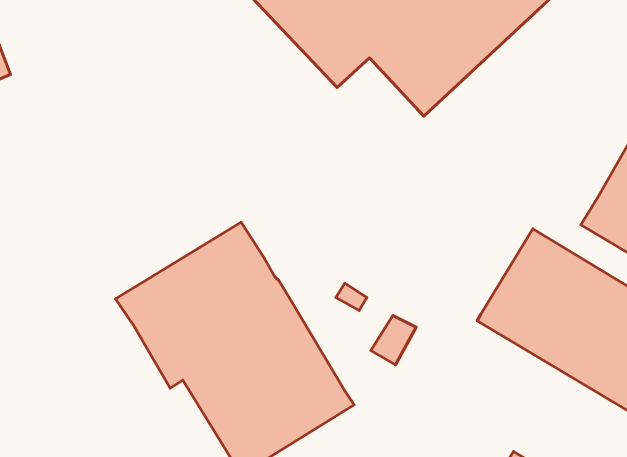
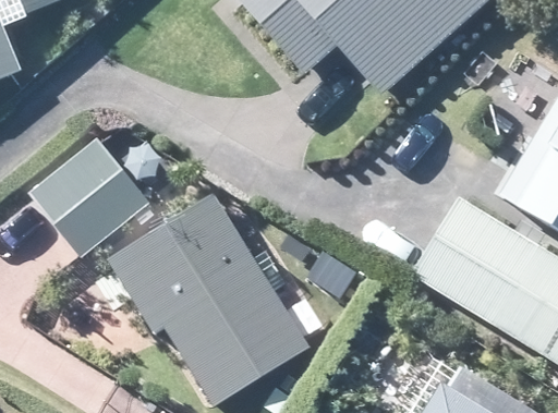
building: none -> [34,139,150,255]

